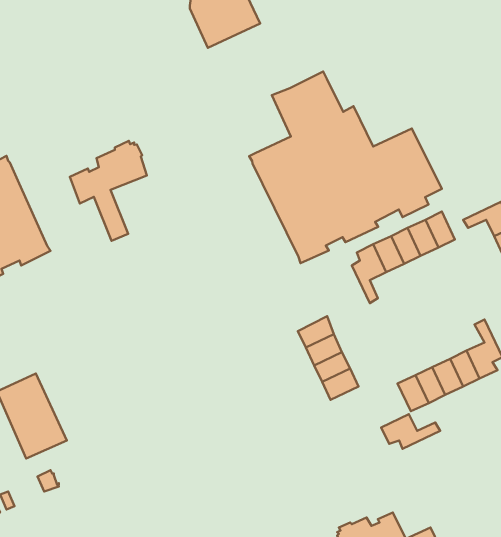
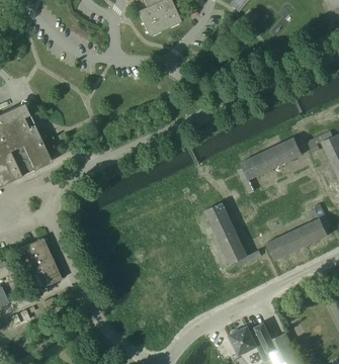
building: [249,71,442,263] -> none
building: [70,141,147,241] -> none
building: [381,414,440,449] -> [225,246,261,267]

